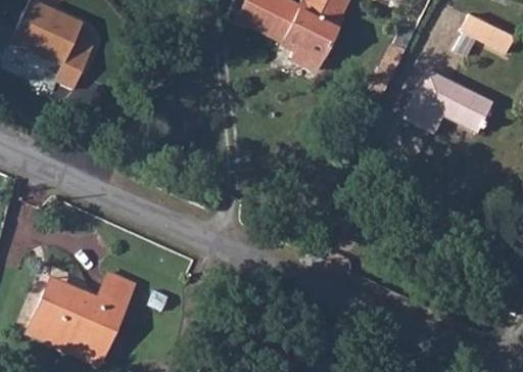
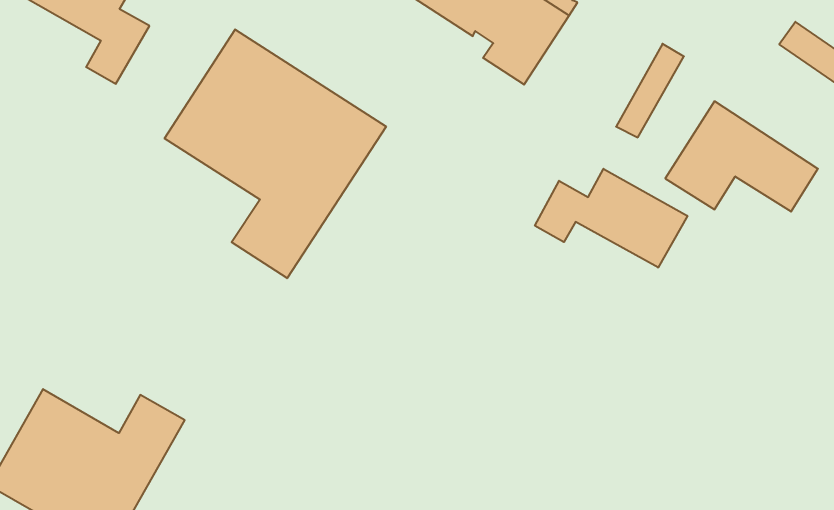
building: none -> [165,29,386,278]
building: none -> [535,169,687,268]

